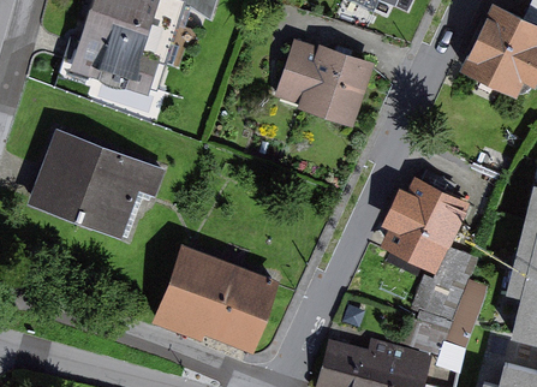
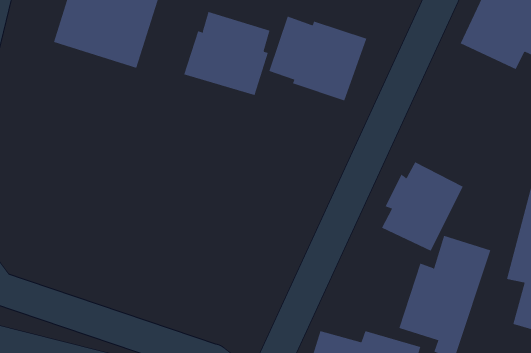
building: none -> [184,11,270,96]
building: [29,132,157,238] -> none
building: [159,250,273,345] -> none

